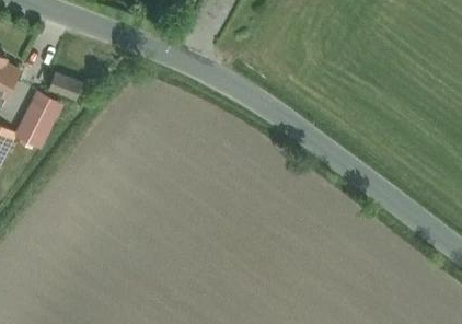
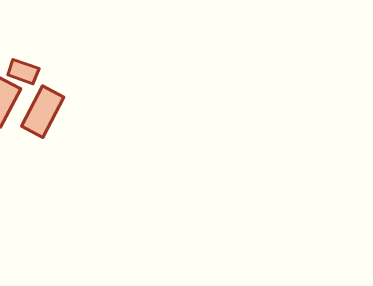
building: none -> [21,86,64,137]

